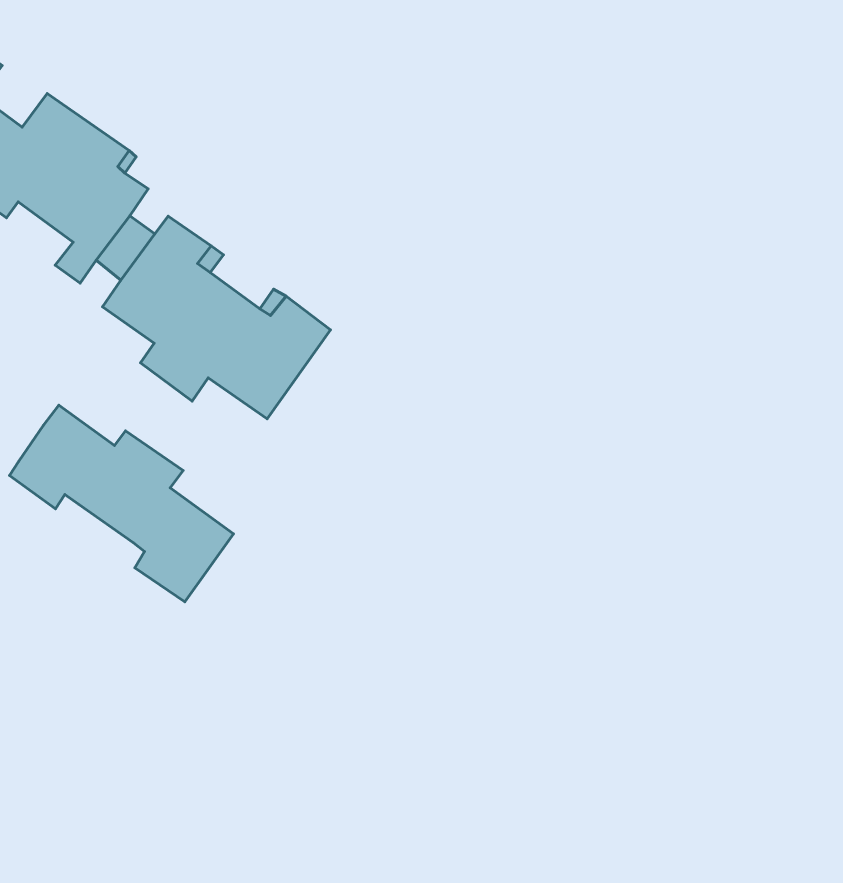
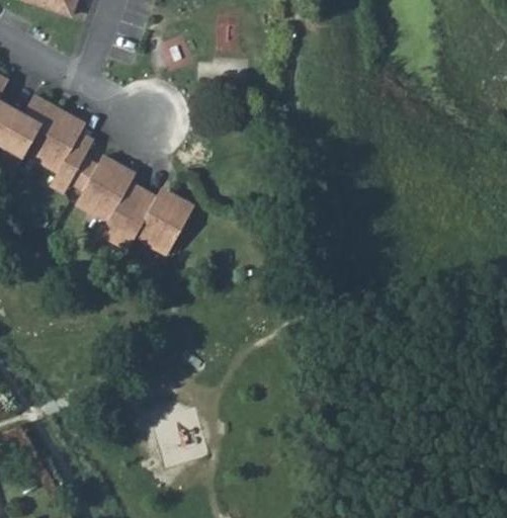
building: [10,405,234,602] -> none

